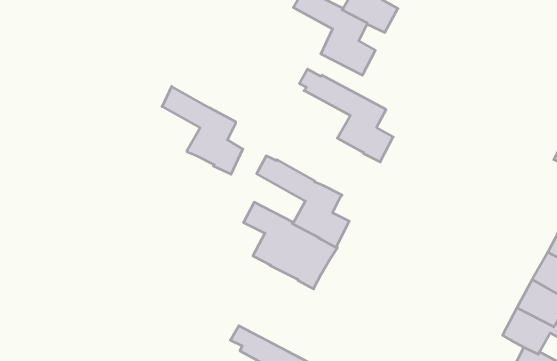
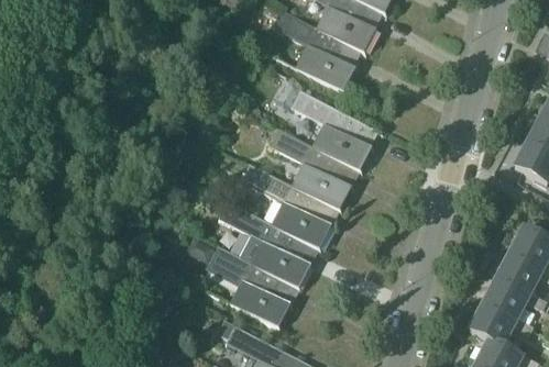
building: [162,86,243,174] -> [272,127,347,209]
building: none -> [185,235,286,326]

